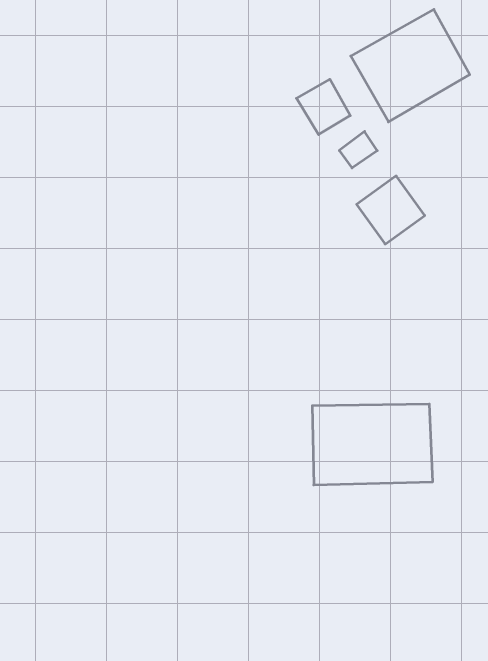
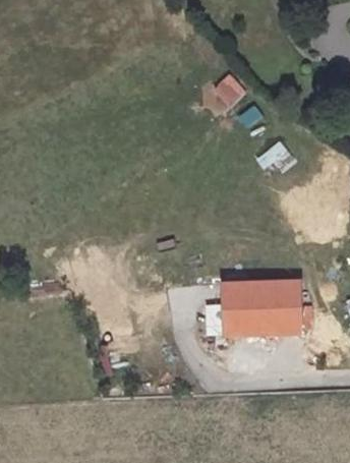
building: [351,9,470,122] -> none

